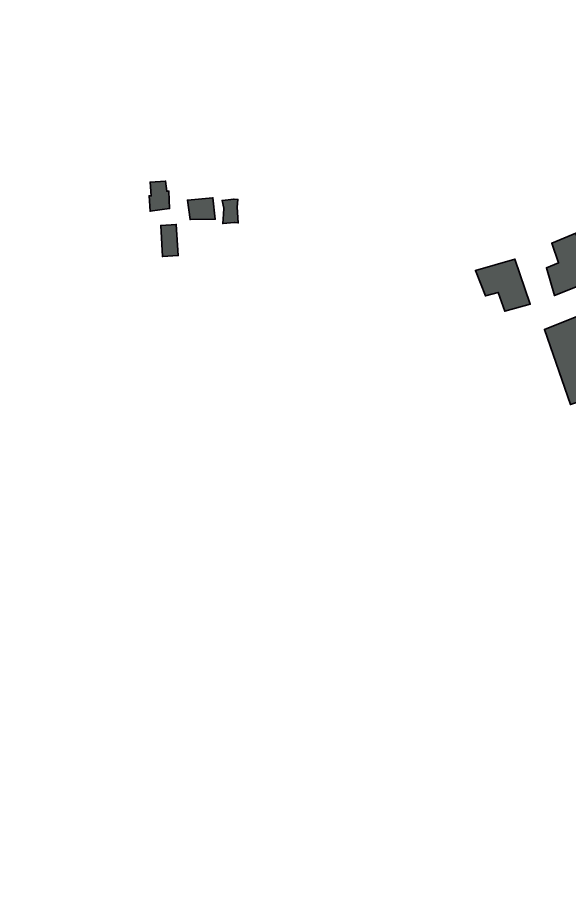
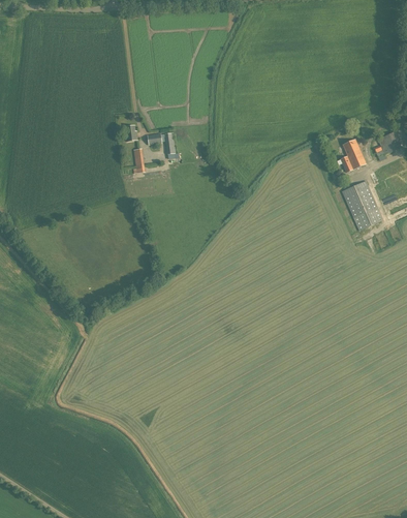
building: [475,259,530,311] -> none

